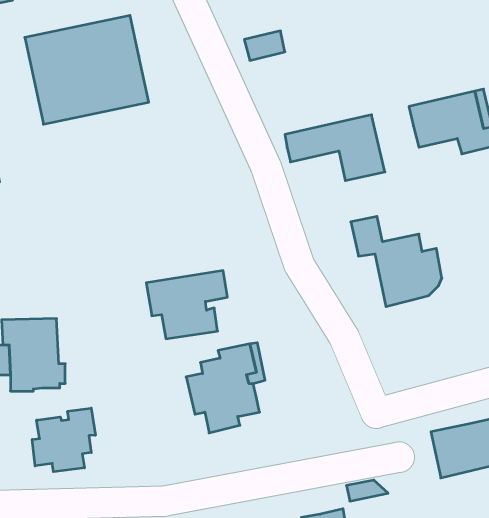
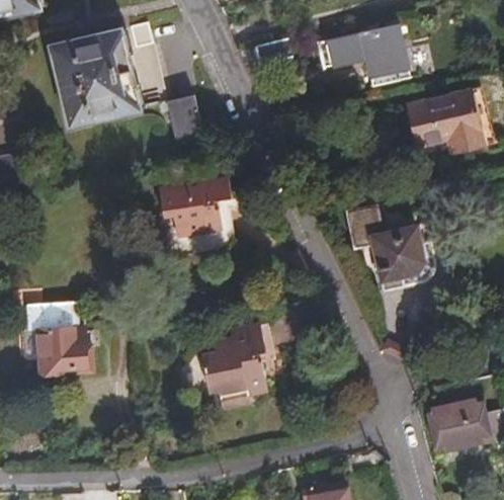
building: none -> [165,98,198,140]
building: [285,115,385,181] -> [319,24,411,85]
building: [146,271,227,339] -> [157,177,232,240]
building: [32,408,95,472] -> none

